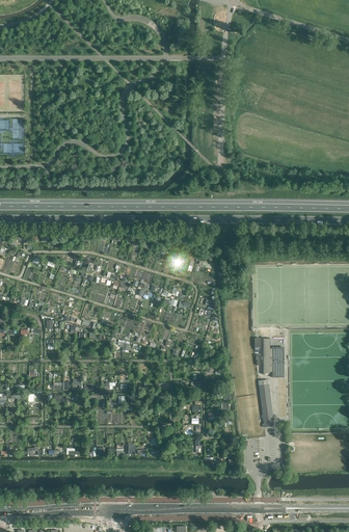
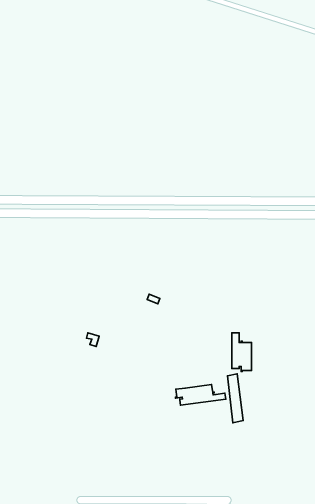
building: none -> [175,384,226,405]

